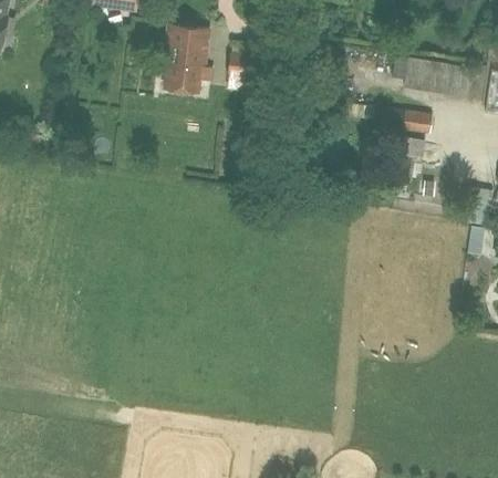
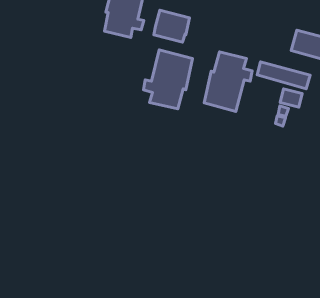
building: none -> [204,52,252,111]
building: none -> [143,50,193,109]

